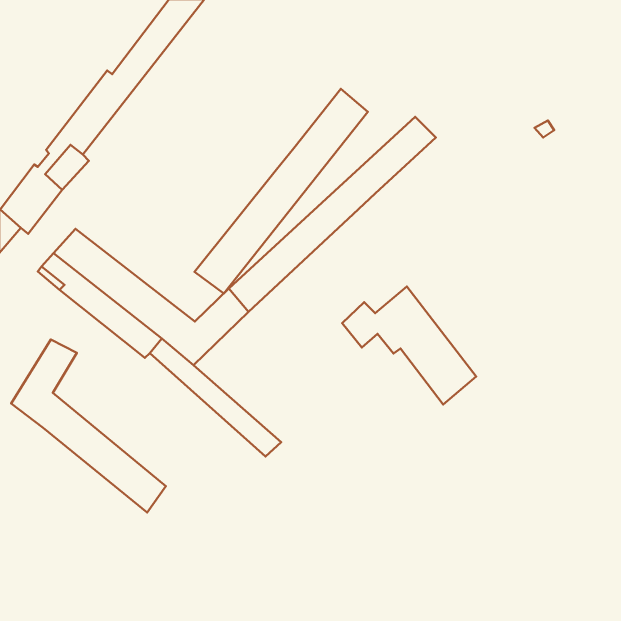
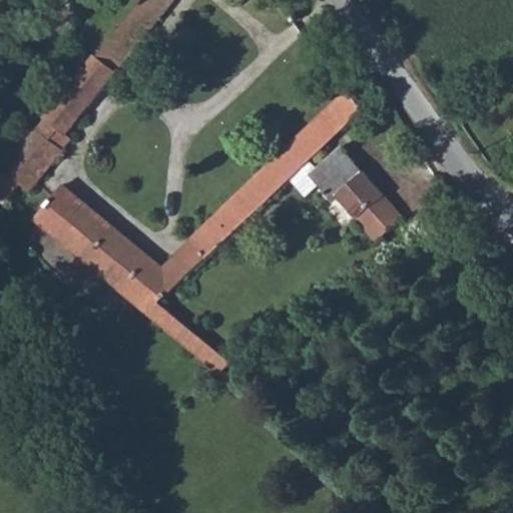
building: [195,89,368,293] -> none
building: [342,286,476,405] -> [291,146,401,243]
building: [11,339,166,513] -> none

